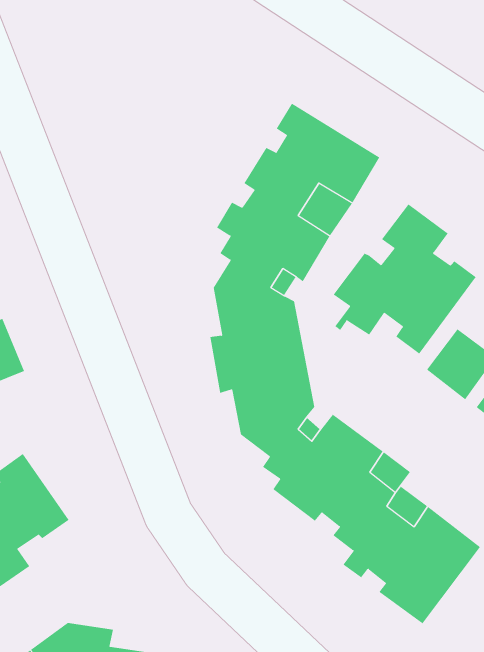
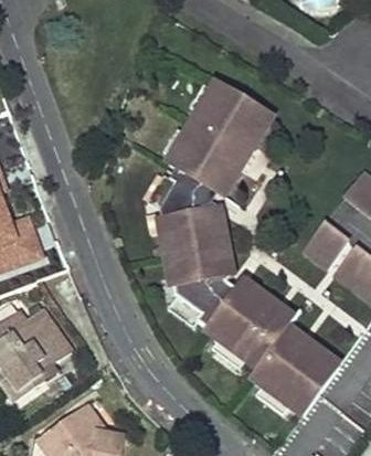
building: [333,204,476,355] -> none

